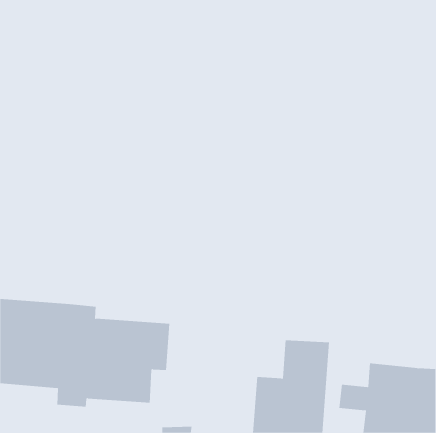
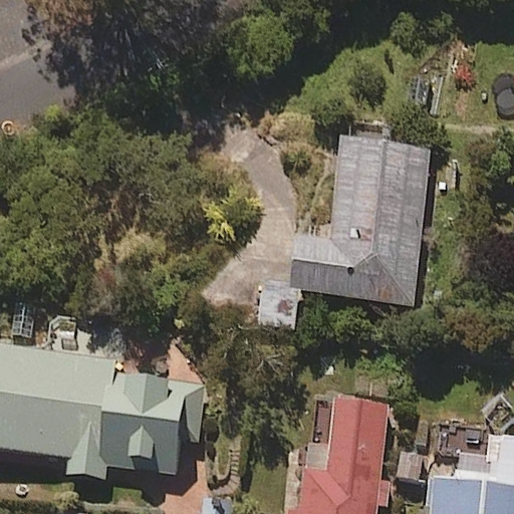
building: none -> [293,141,429,303]

